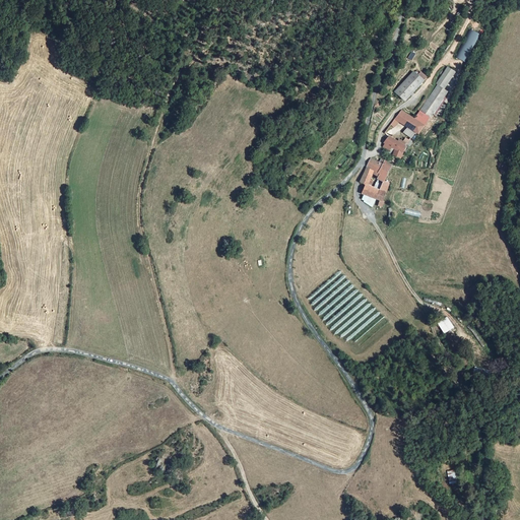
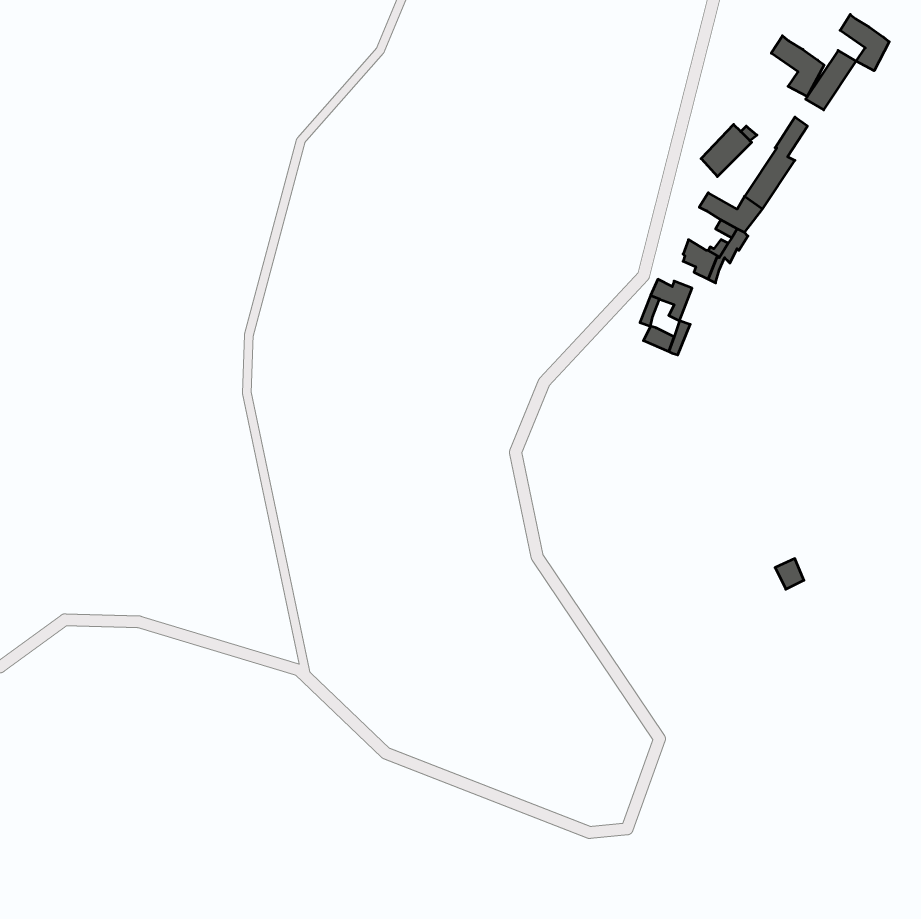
building: none -> [840,14,889,71]
building: none -> [771,36,824,97]

